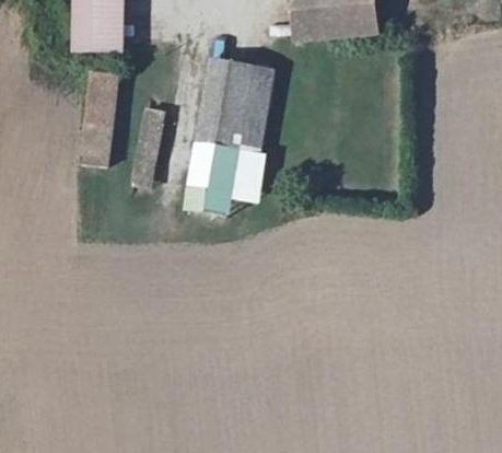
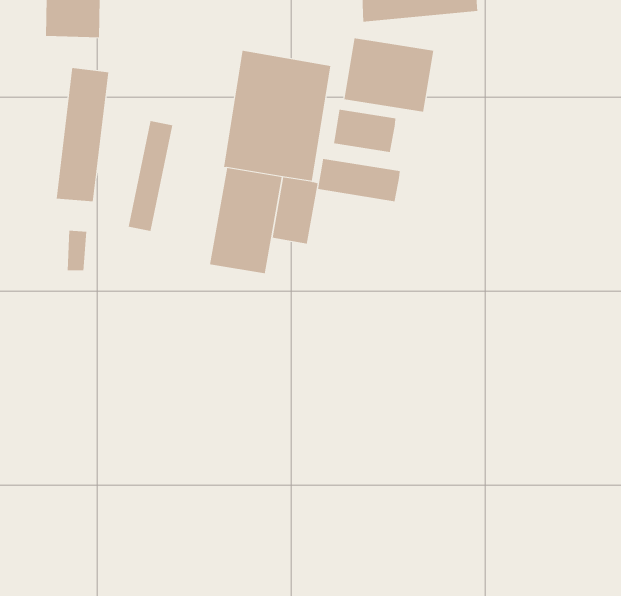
building: none -> [344,37,434,112]
building: none -> [334,109,396,153]
building: none -> [317,158,400,202]

